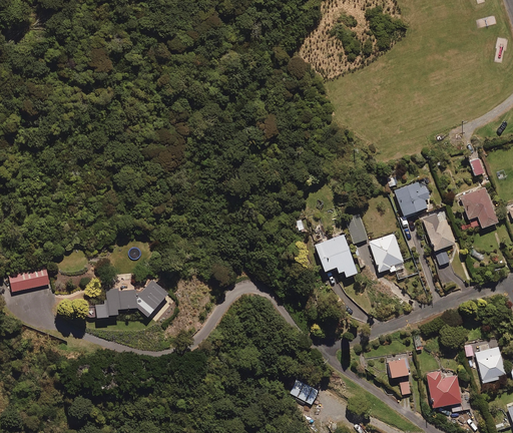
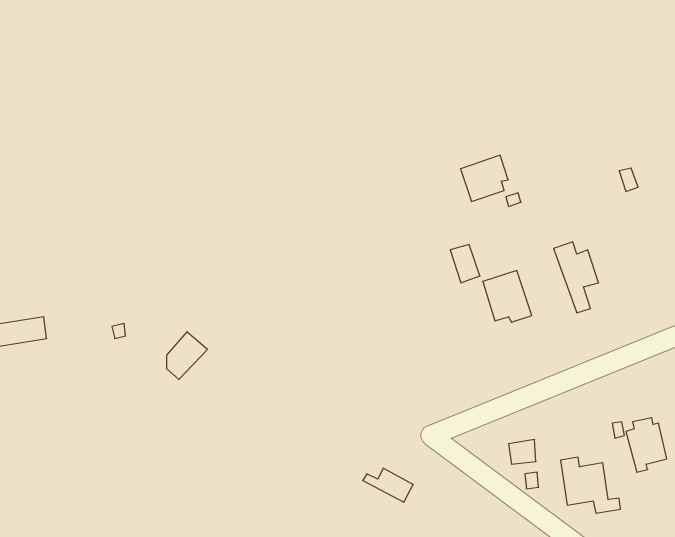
building: [395,180,430,214] -> [460,155,508,202]
building: [460,187,498,227] -> none
building: [315,234,357,275] -> none
building: [95,288,136,316] -> none

